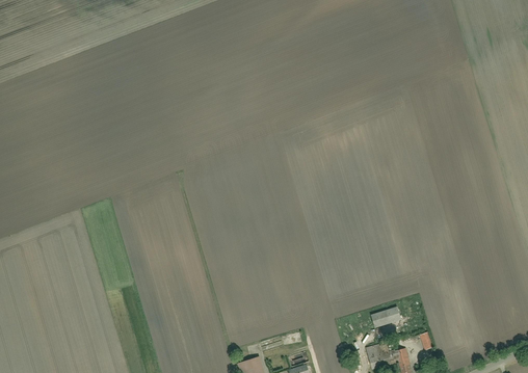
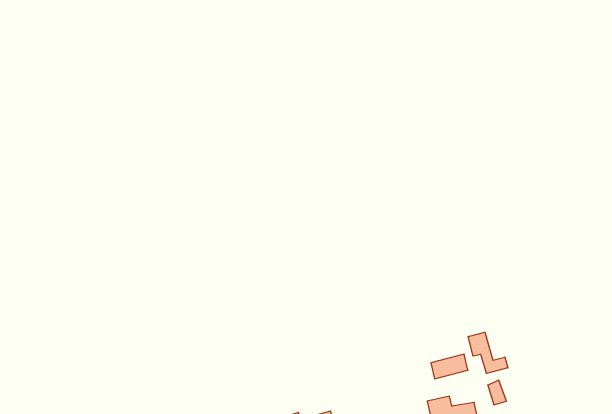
building: none -> [468,332,508,373]

